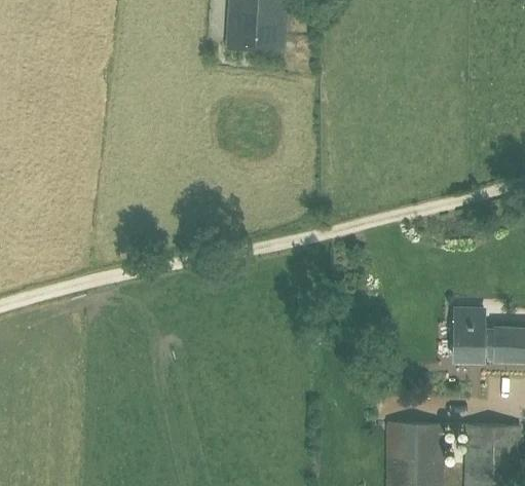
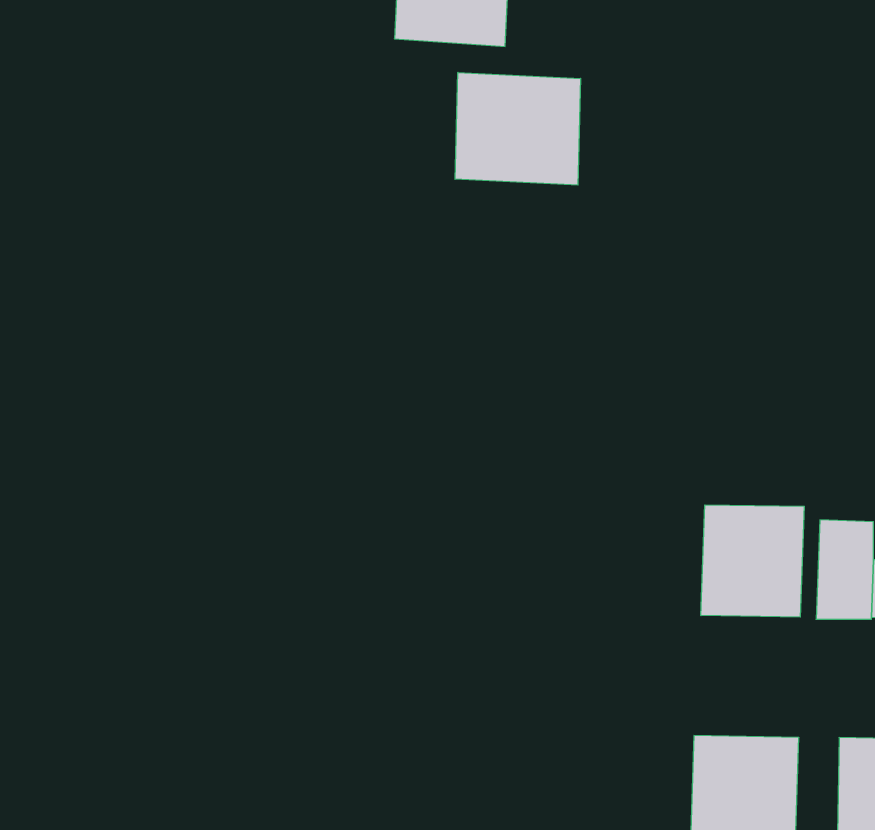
building: none -> [455,72,581,185]
building: none -> [701,505,804,617]

